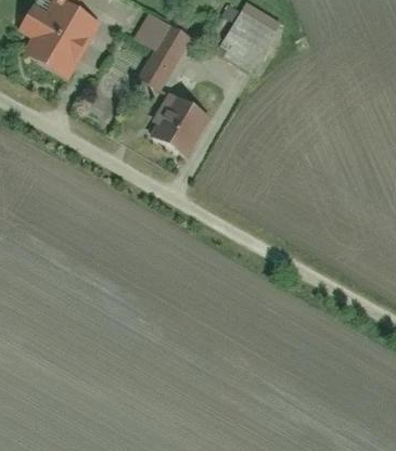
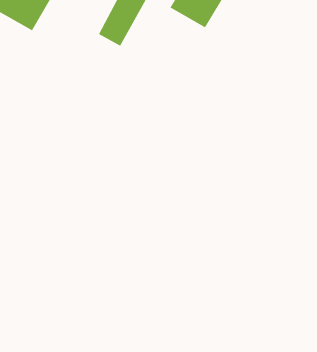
building: [151,90,215,152] -> none

